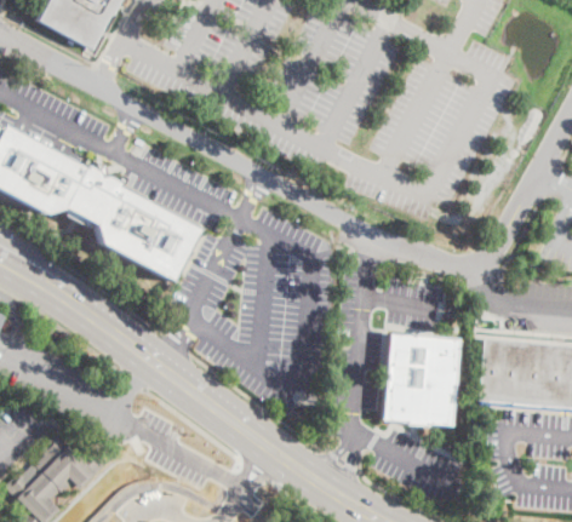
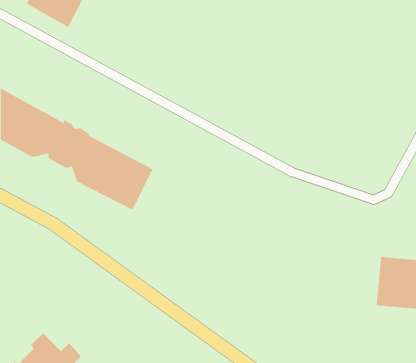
building: [385,333,458,421] -> none

